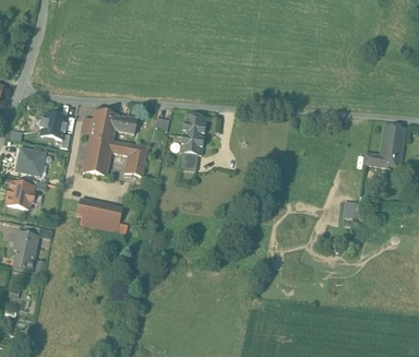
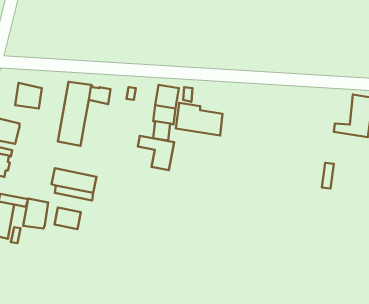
building: none -> [176,103,222,136]
building: [110,141,147,176] -> [138,136,174,170]
building: none -> [23,198,48,229]
building: none -> [54,208,81,229]

